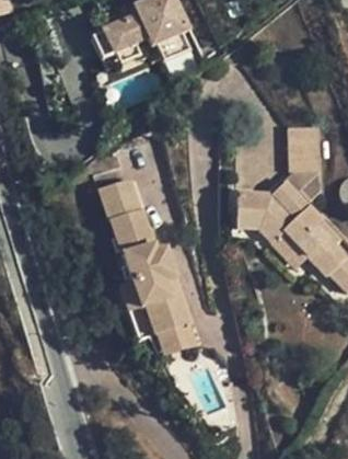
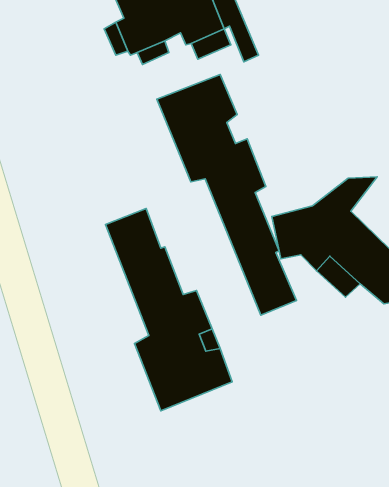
building: none -> [157,75,296,315]
building: [286,122,321,167] -> none

